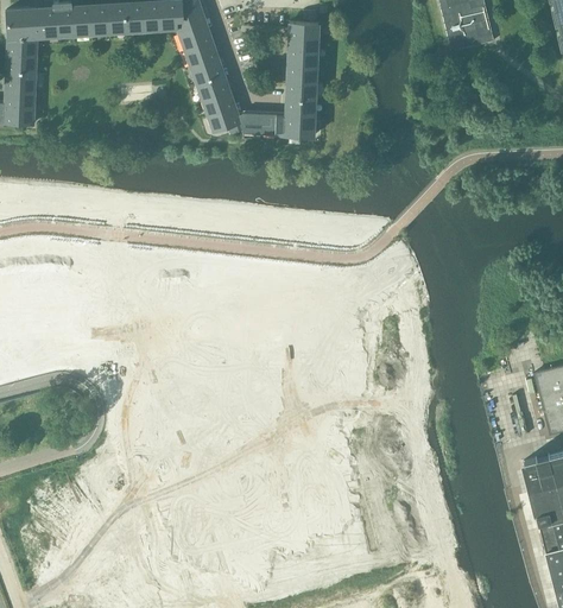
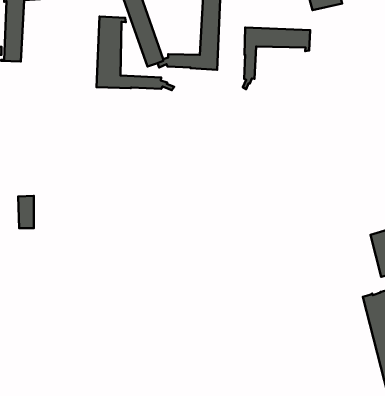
building: none -> [97,17,174,90]
building: none -> [243,27,310,89]

